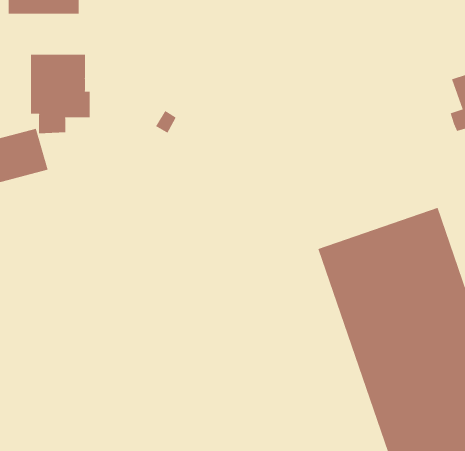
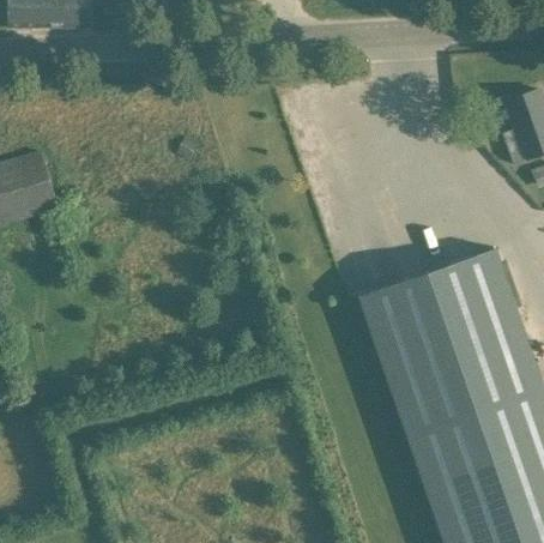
building: [30,54,90,134] -> none

